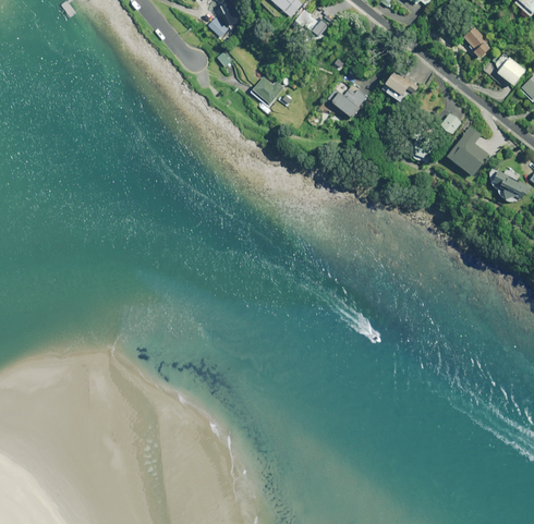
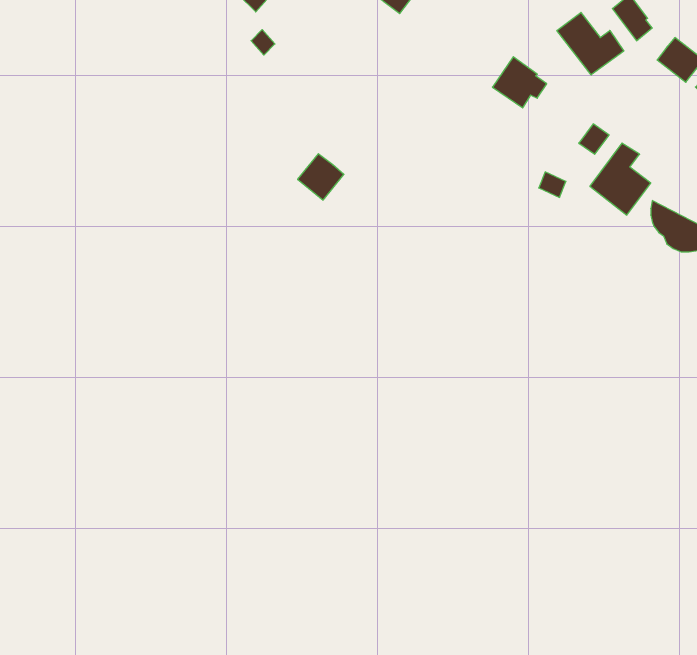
building: none -> [557,12,624,75]
building: [253,73,284,105] -> [298,154,344,200]
building: [328,82,366,118] -> none

